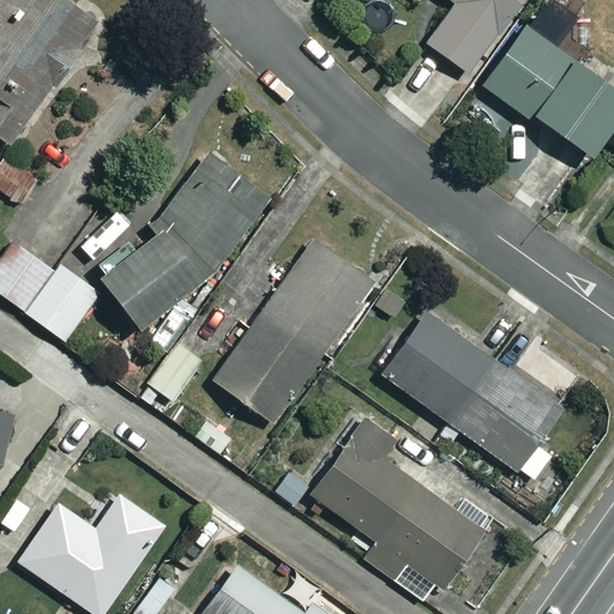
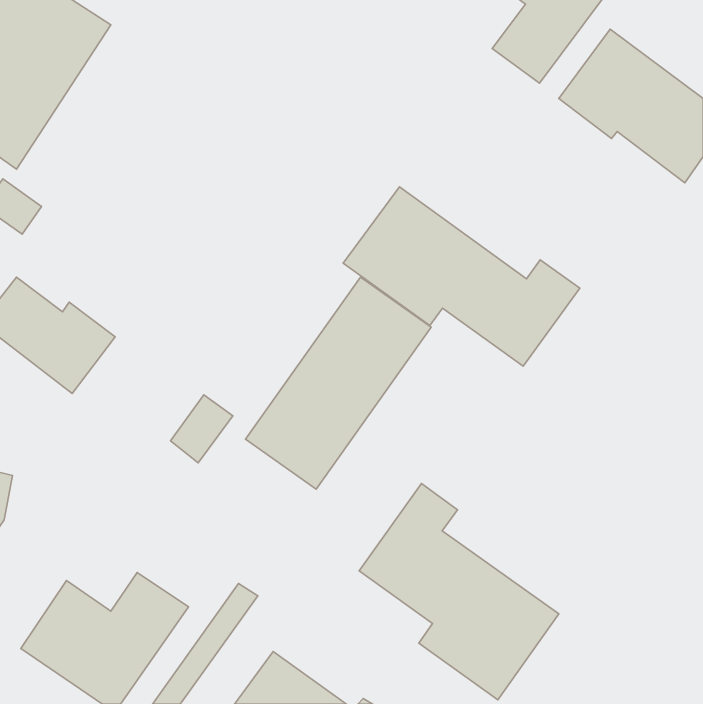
building: [101,150,275,331] -> none
building: none -> [343,187,580,366]
building: [380,312,564,480] -> none

